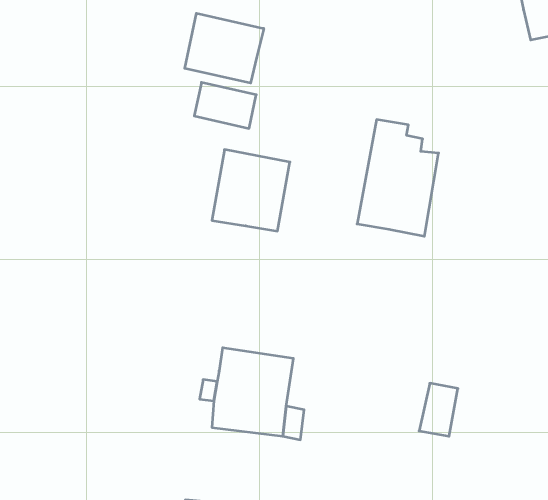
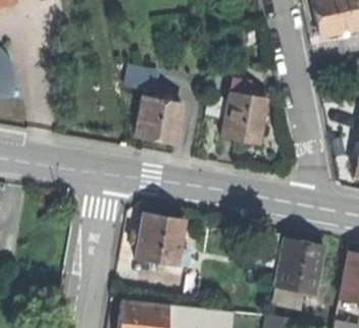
building: [185,13,264,83] -> none
building: none -> [275,239,324,295]

